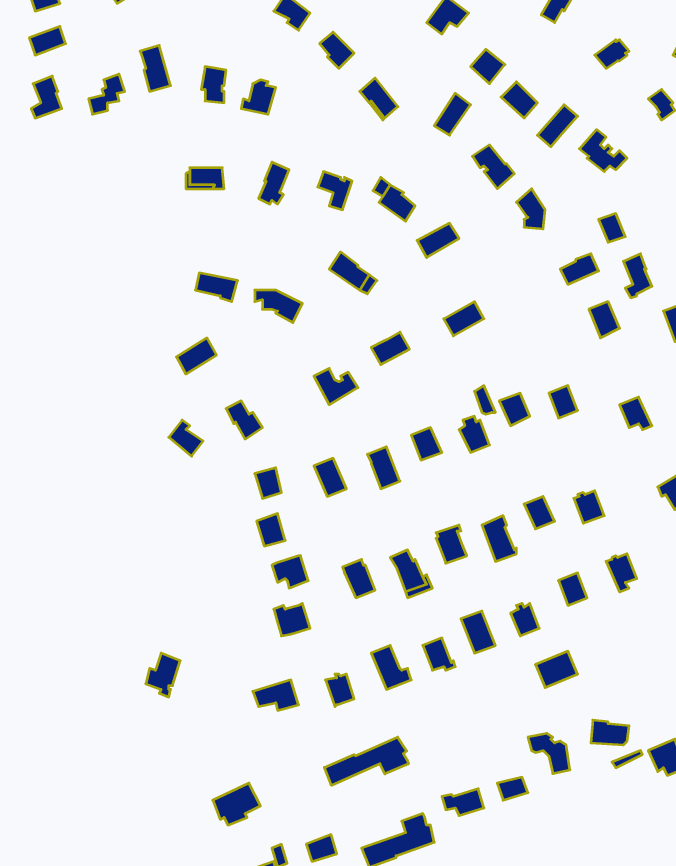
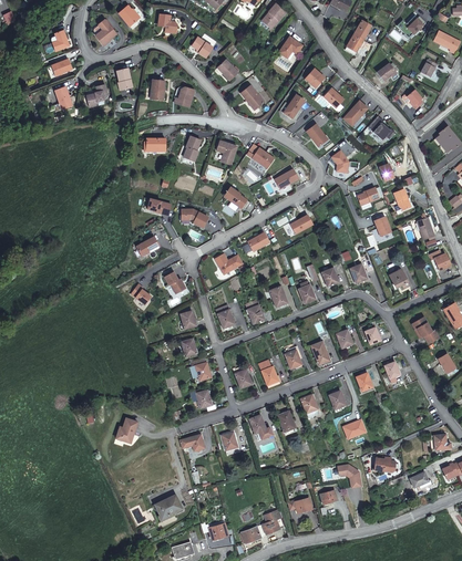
building: [324,737,408,785] -> none

